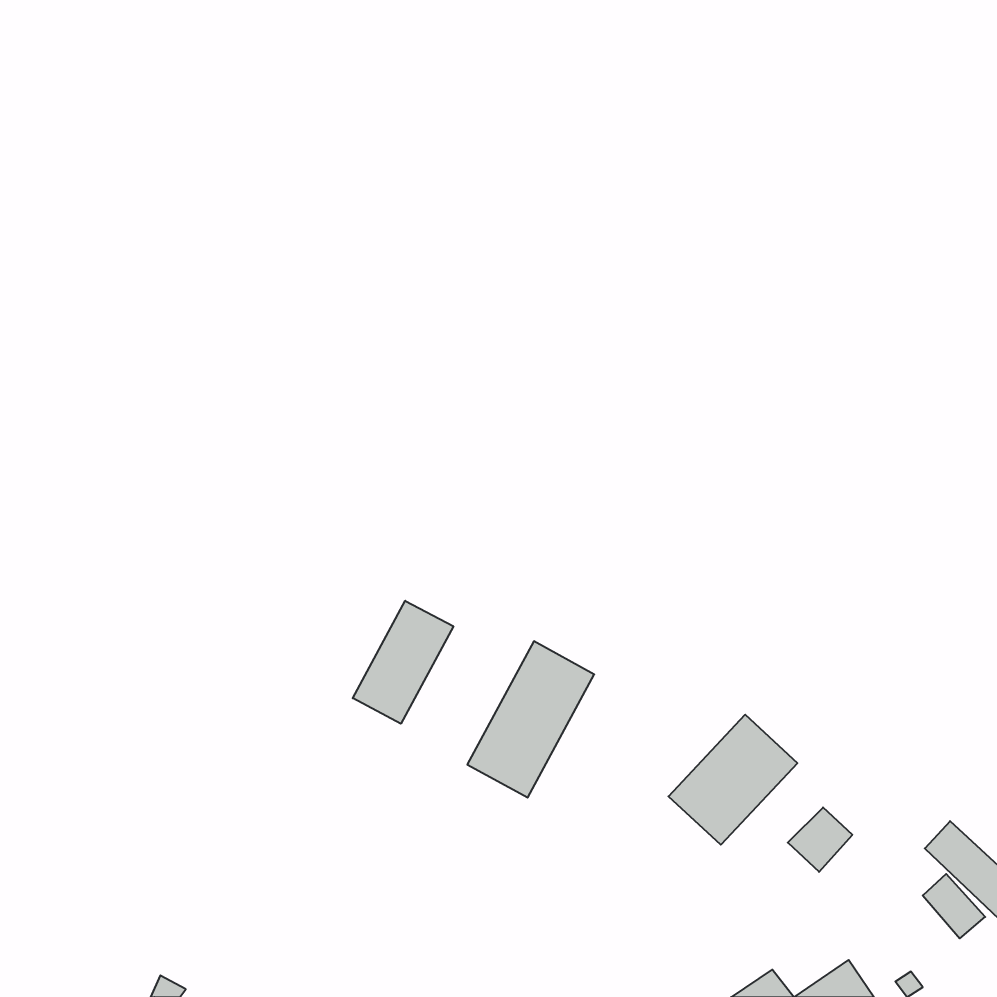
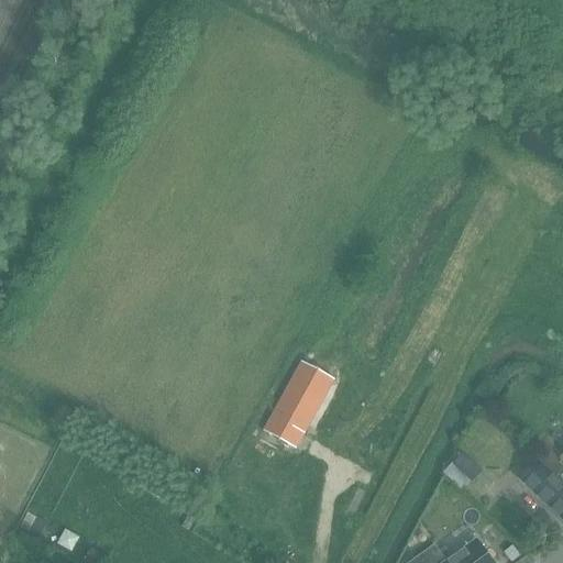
building: [353,601,453,724] -> none
building: [668,715,797,845] -> none

